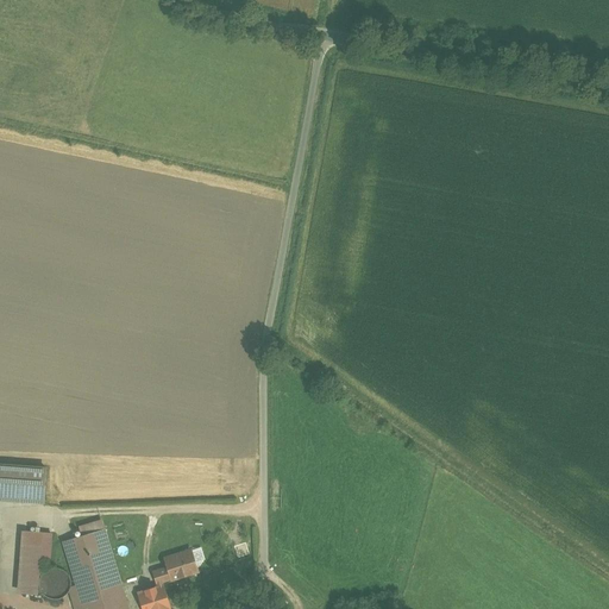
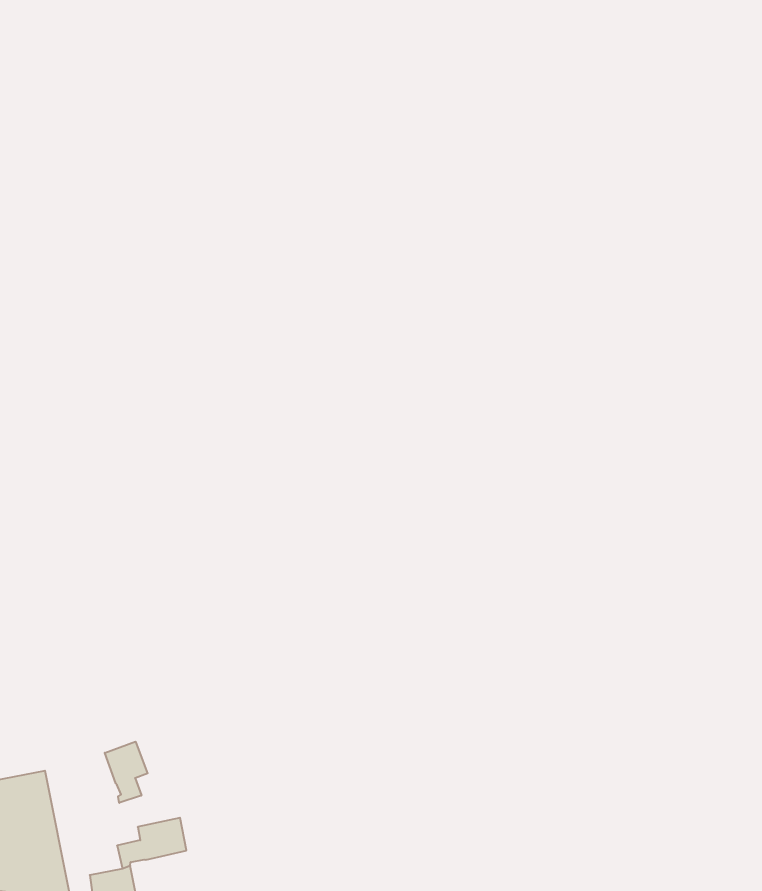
building: none -> [105,742,148,803]

